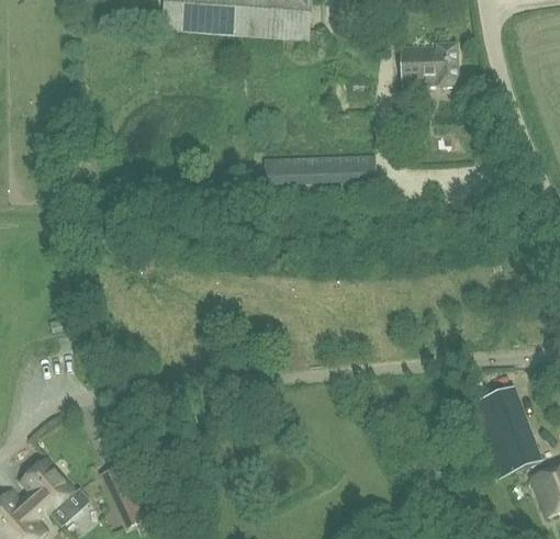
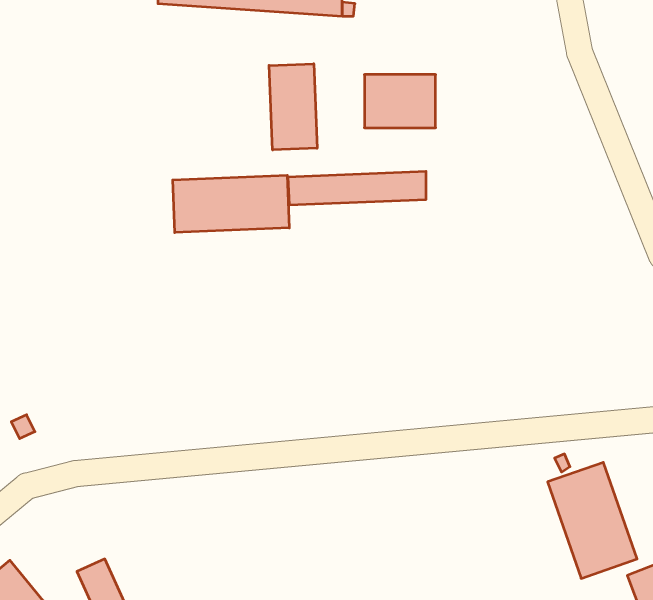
building: [402,43,458,85] -> [364,75,436,128]
building: none -> [269,64,317,150]
building: none -> [173,175,289,233]

